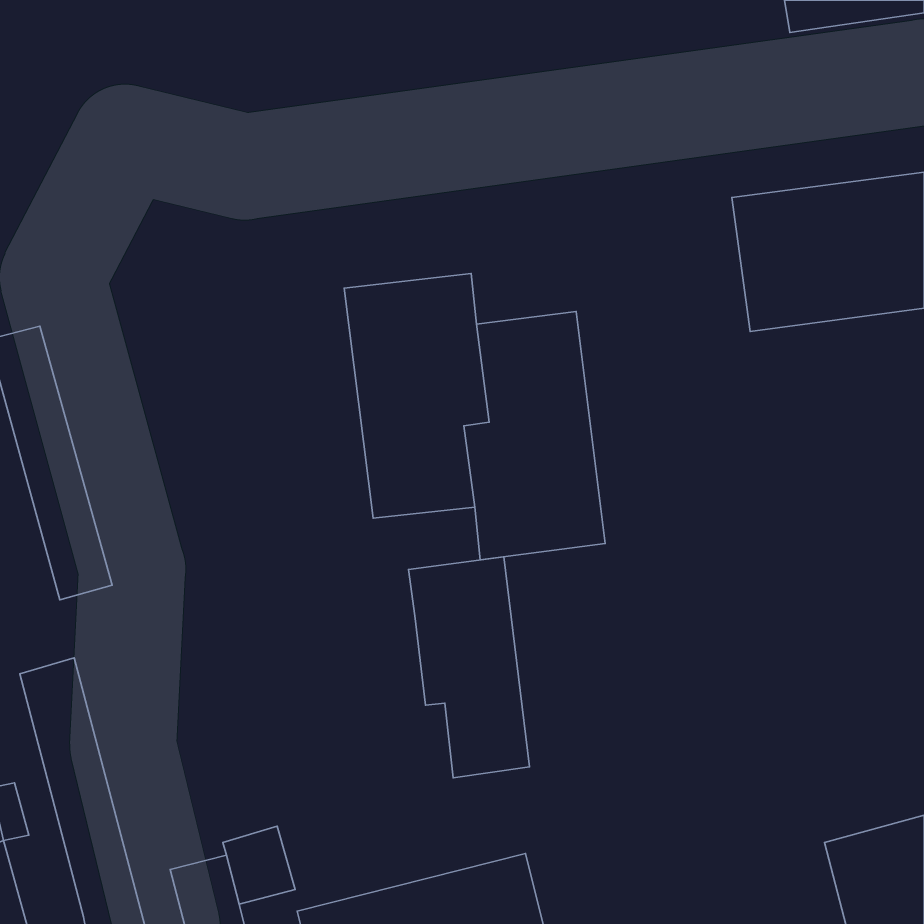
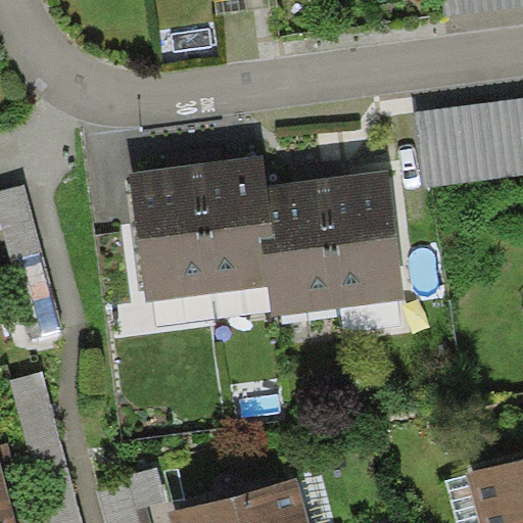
building: none -> [129,163,210,302]
building: none -> [325,169,405,307]
building: [408,557,529,778] -> none

